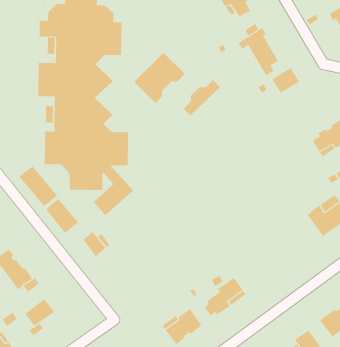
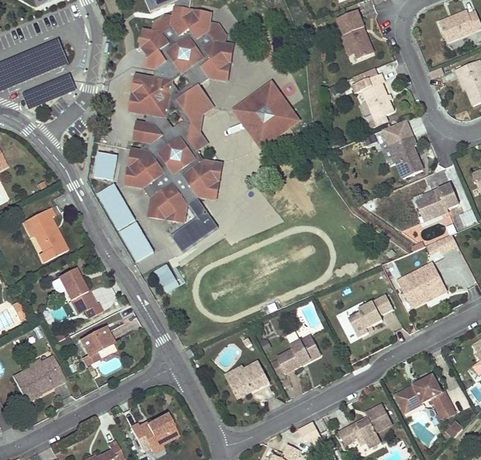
building: [183,79,221,116] -> [254,110,298,146]
building: none -> [389,137,422,178]
building: none -> [93,151,117,179]
building: none -> [348,294,392,337]

